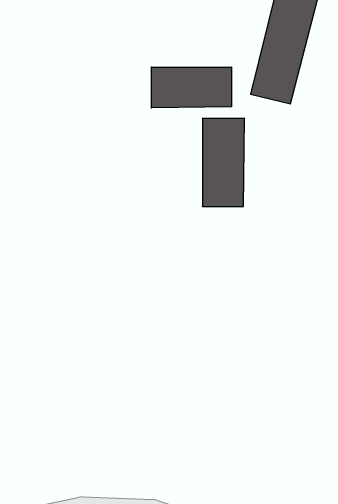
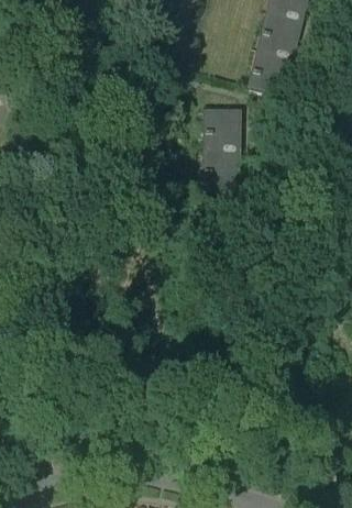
building: [151,67,231,108] -> none

